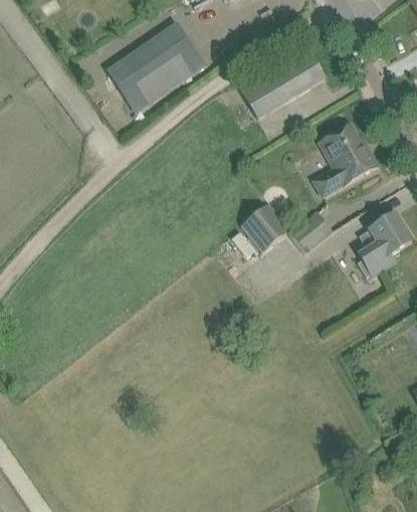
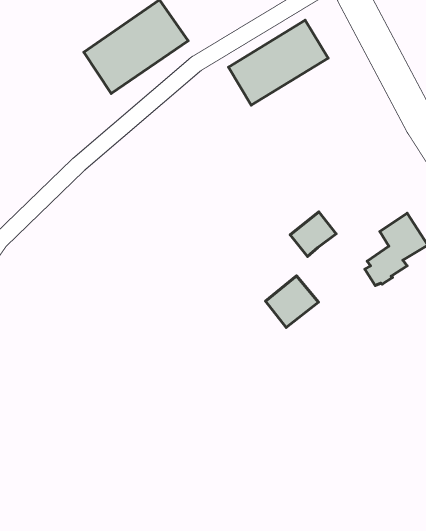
building: [314,125,377,196] -> none
building: [243,207,289,252] -> [266,276,318,328]

